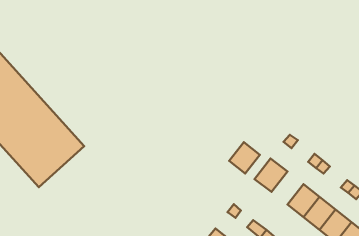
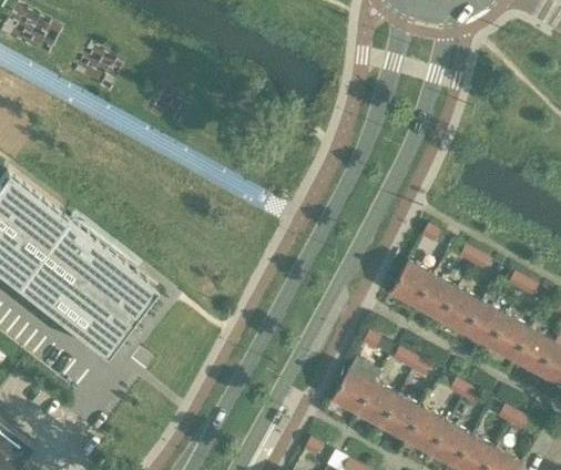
building: [229,142,260,174] -> none
building: none -> [417,276,458,320]

